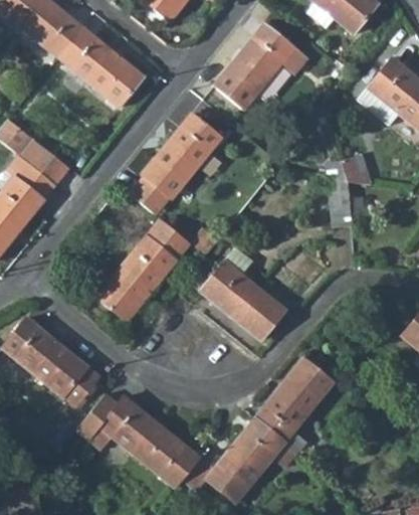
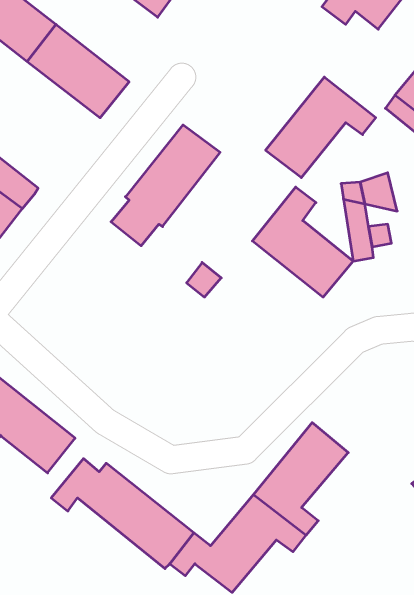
building: [214,25,306,110] -> [266,77,376,178]
building: [98,218,191,320] -> none
building: [203,249,287,342] -> [252,187,353,297]

